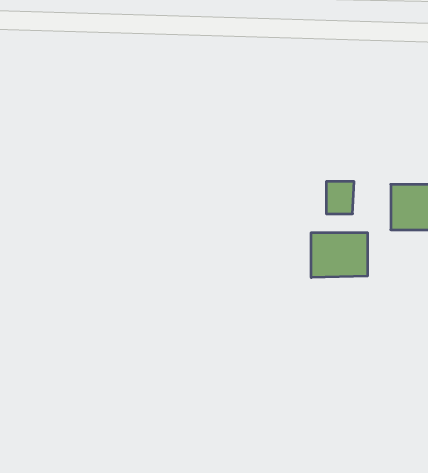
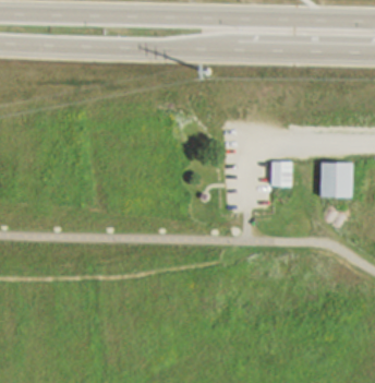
building: [311,233,367,278] -> none

